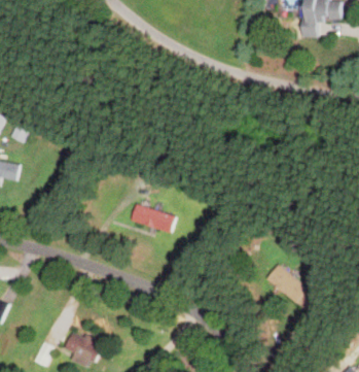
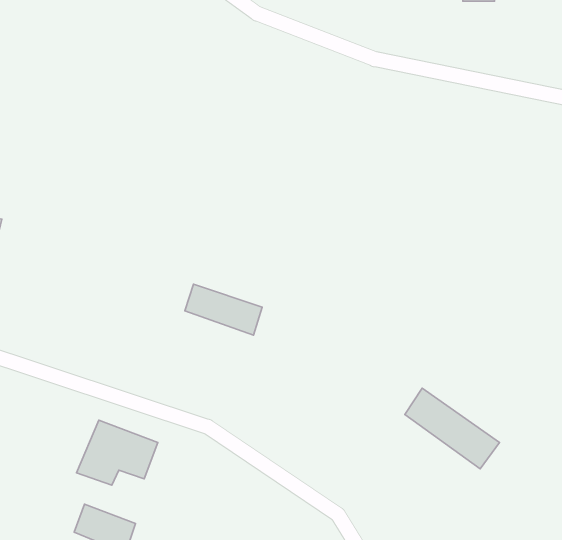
building: none -> [77,420,158,485]

